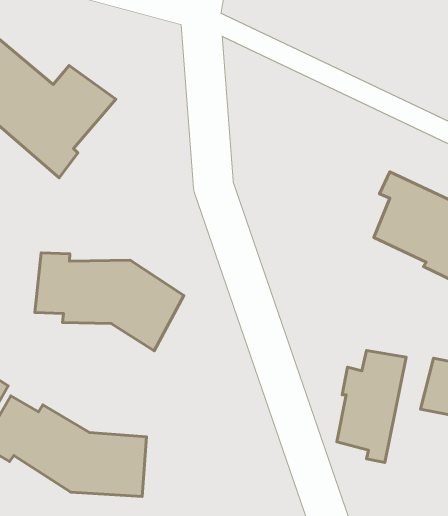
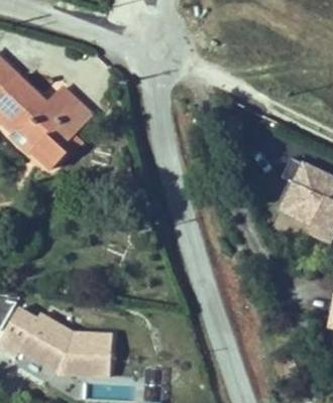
building: [35,253,184,351] -> none
building: [337,350,406,463] -> none

